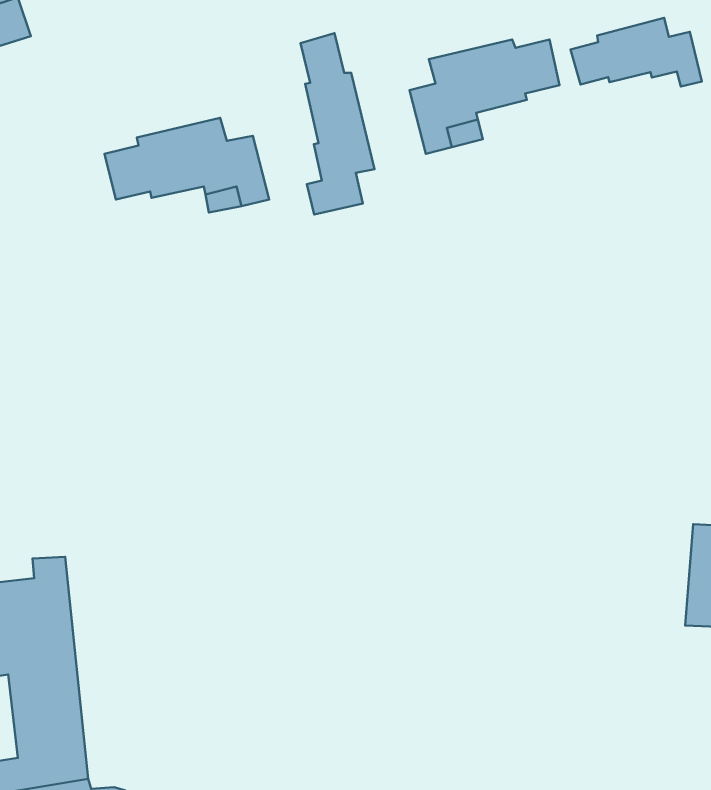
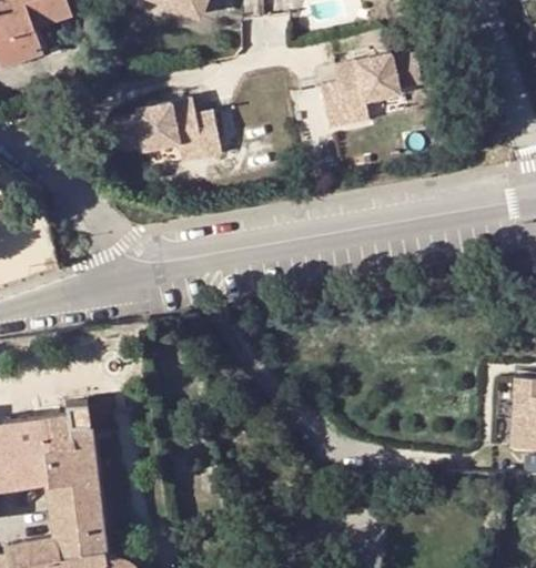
building: [570,18,702,87] -> none
building: [300,33,375,214] -> none

